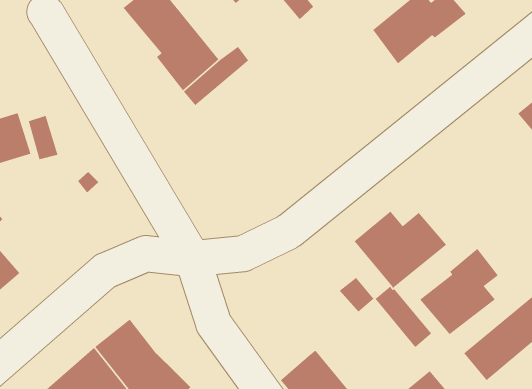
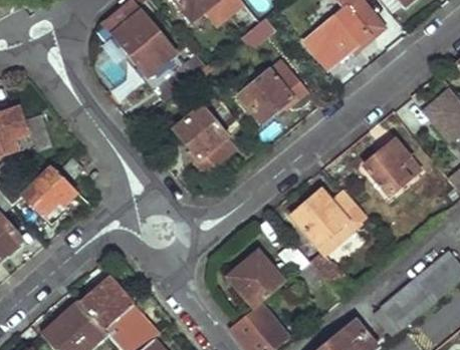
building: none -> [240,61,307,124]
building: none -> [170,105,235,176]
building: none -> [364,136,410,192]
building: none -> [23,165,76,218]
building: [419,248,499,335] -> none
building: none -> [229,251,283,307]

